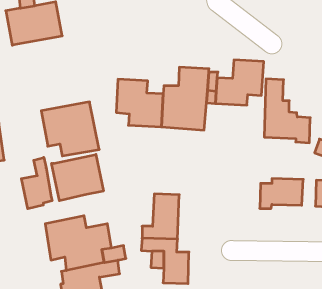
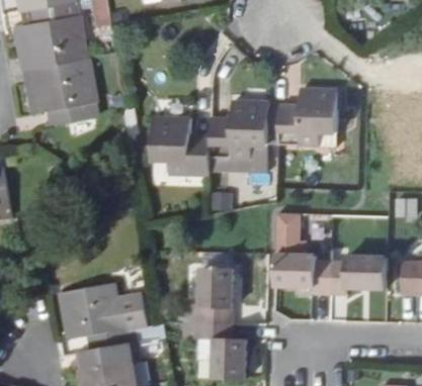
building: [264,79,310,143] -> [276,201,334,281]
building: [41,102,99,156] -> [24,65,97,132]
building: [52,154,103,201] -> none
building: [21,157,52,209] -> none

